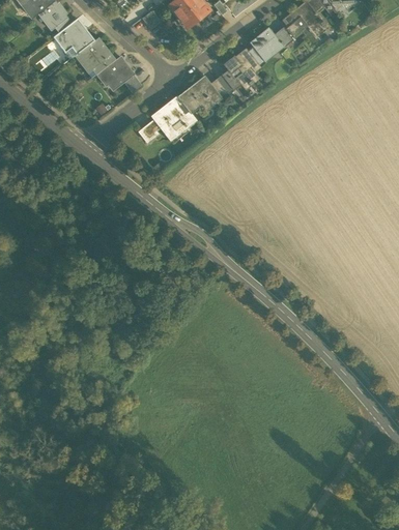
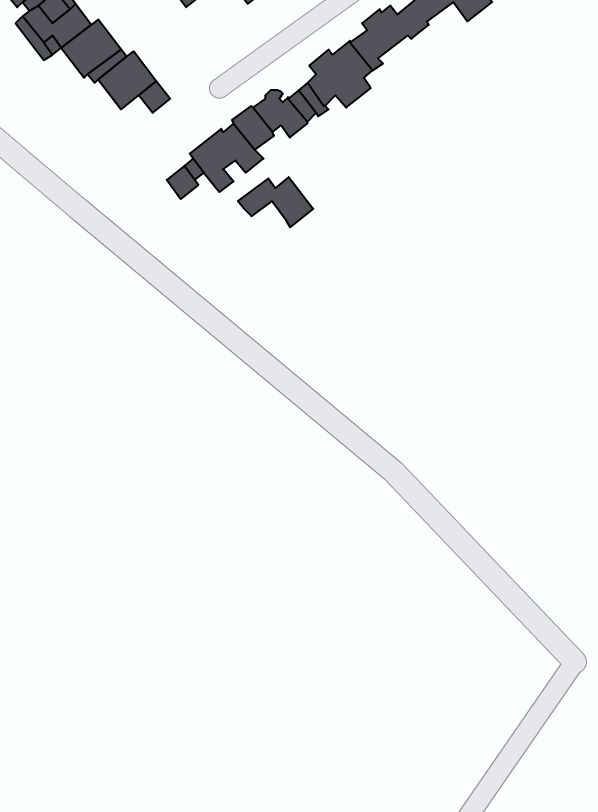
building: none -> [238,177,313,227]

